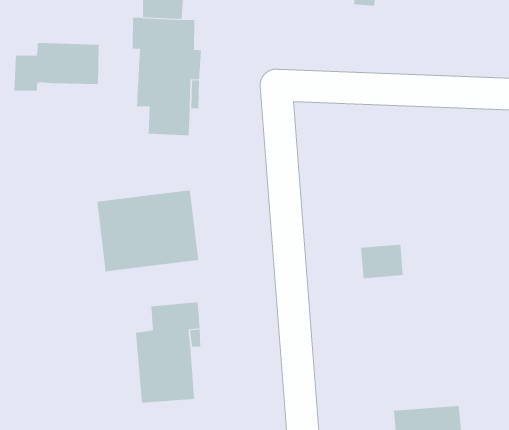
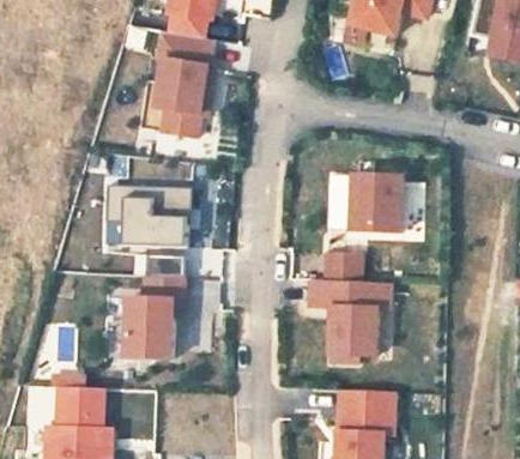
building: [14,42,99,92] -> none
building: none -> [350,176,401,235]
building: none -> [306,279,394,363]

